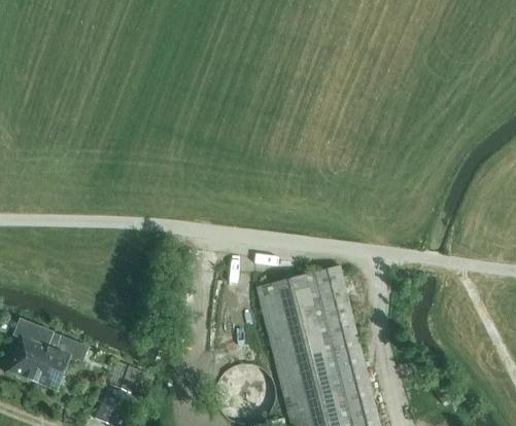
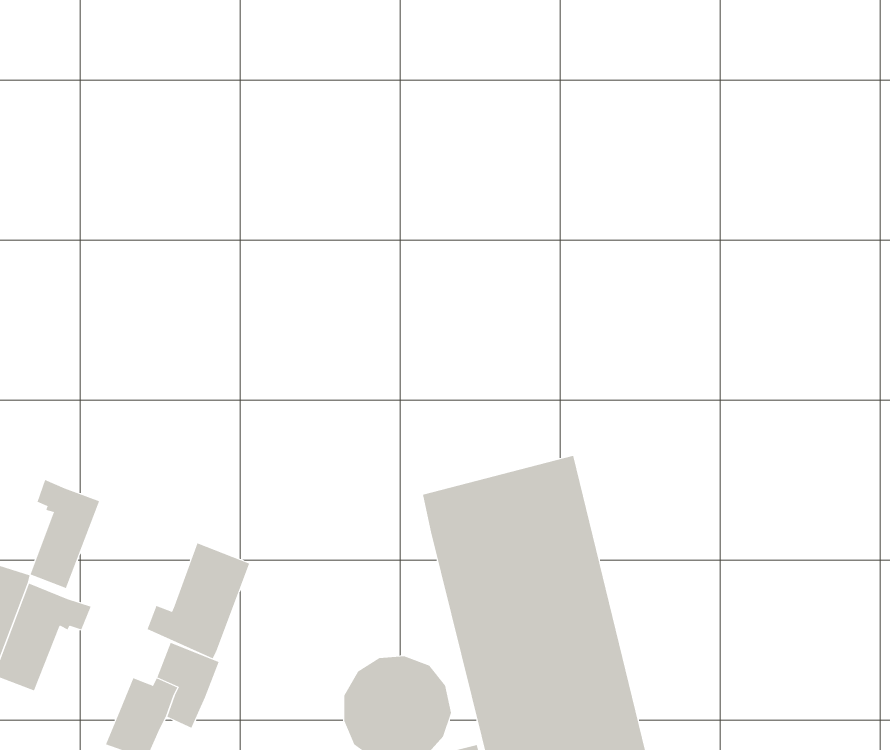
building: none -> [30,479,100,589]
building: none -> [147,543,250,659]

